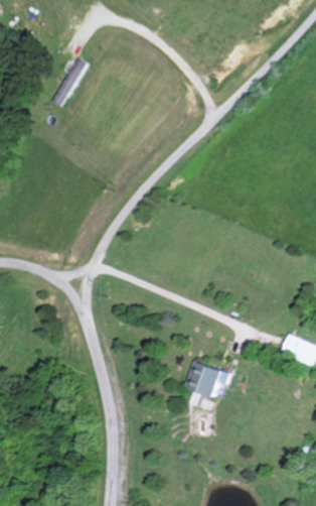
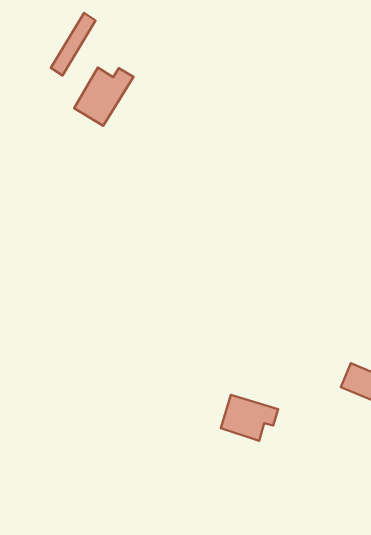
building: none -> [74,67,134,126]

